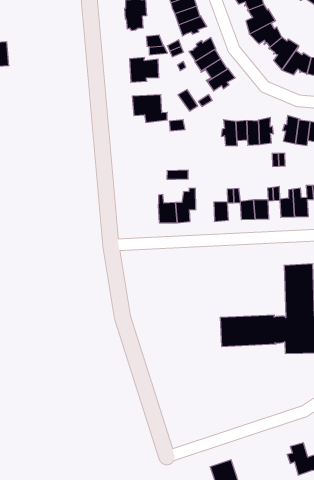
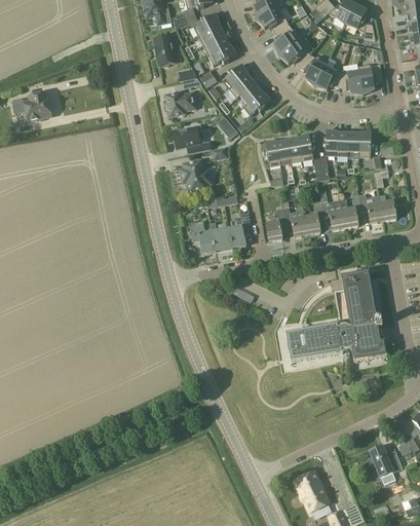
building: none -> [181,160,209,191]
building: none -> [189,221,215,252]

